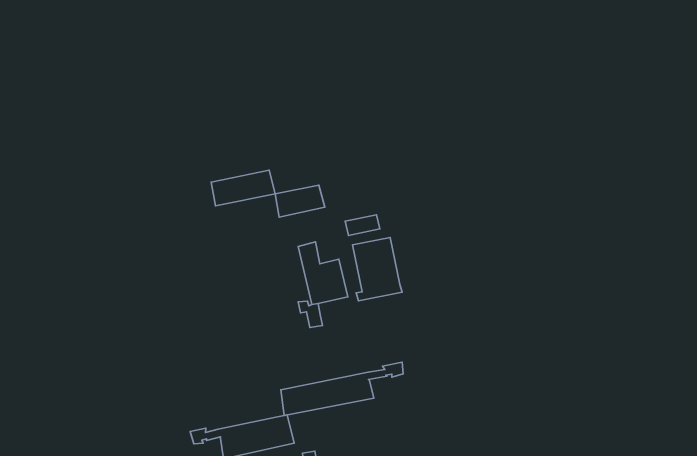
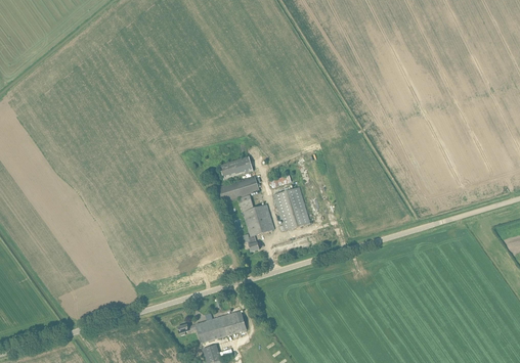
building: [211,170,275,206] -> [217,175,260,201]
building: [281,362,403,415] -> none

